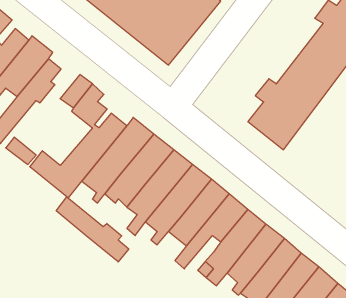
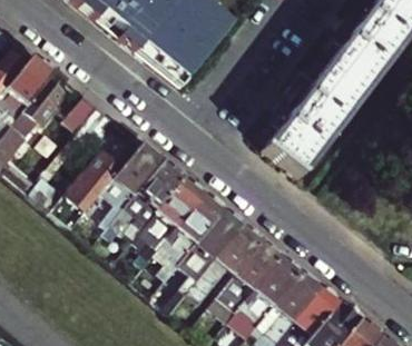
building: [56,197,129,262] -> none

